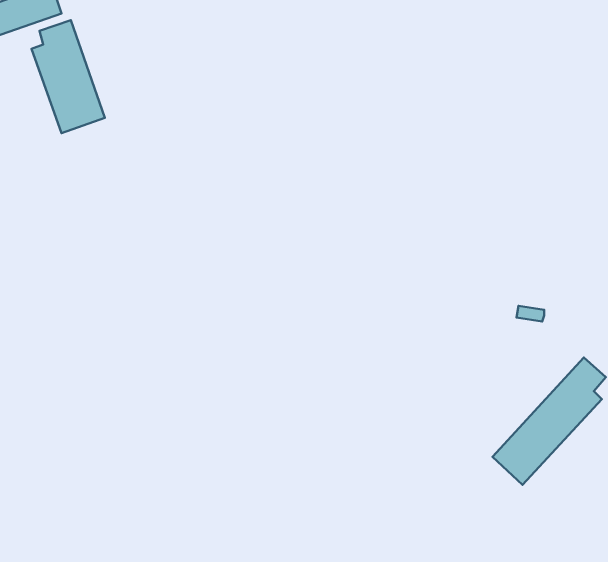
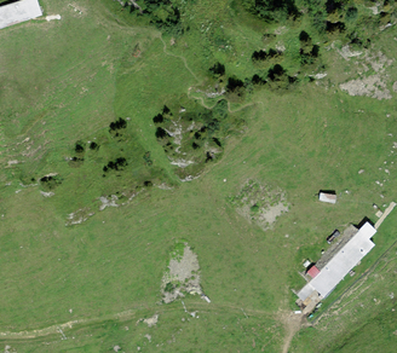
building: [31,20,105,133] -> none

